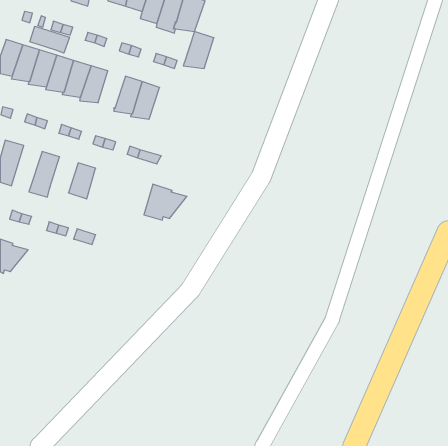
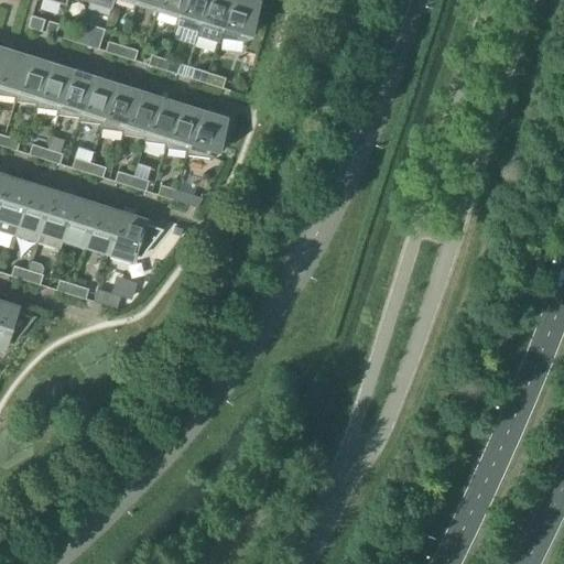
building: [30,26,69,53] -> none
building: [183,32,214,68] -> [186,110,225,156]
building: none -> [121,89,158,137]
building: none -> [14,183,53,241]
building: none -> [63,197,98,242]
building: [144,184,187,220] -> [109,212,163,257]

